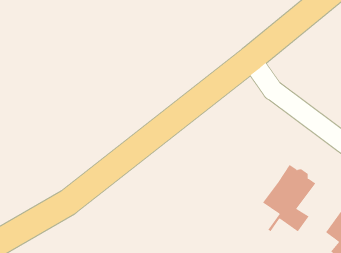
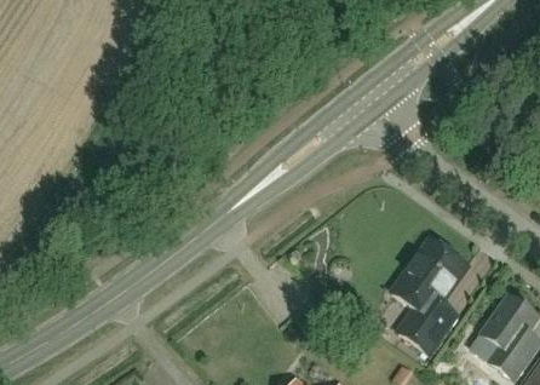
building: none -> [398,316,442,354]

